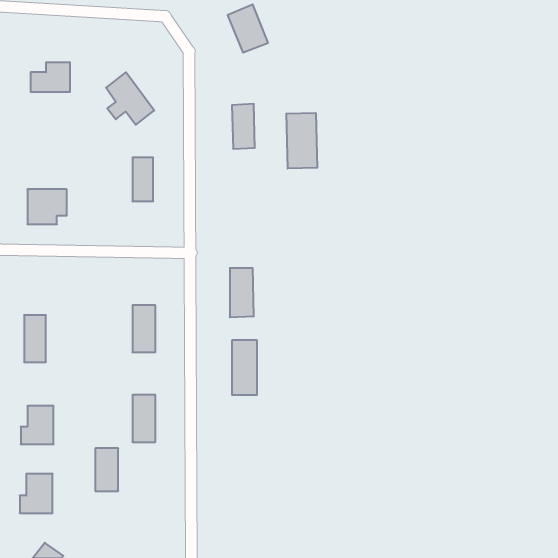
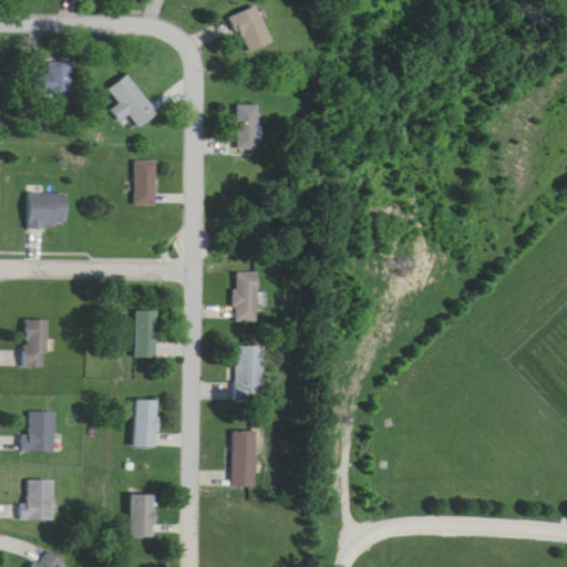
building: [286,113,317,169] -> none
building: none -> [231,431,255,485]
building: [95,448,118,491] -> [132,493,155,536]

